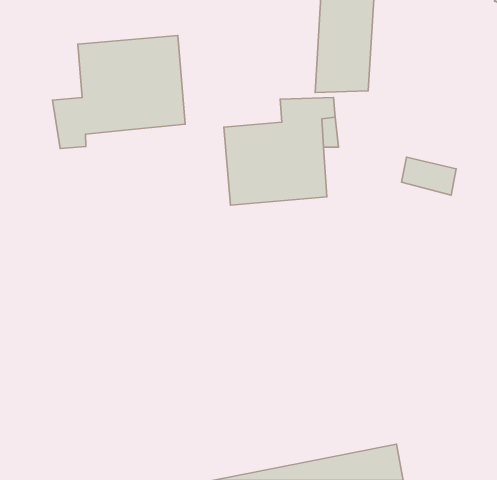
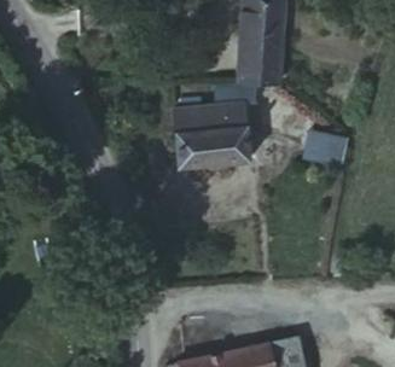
building: [53,36,185,149] -> none

